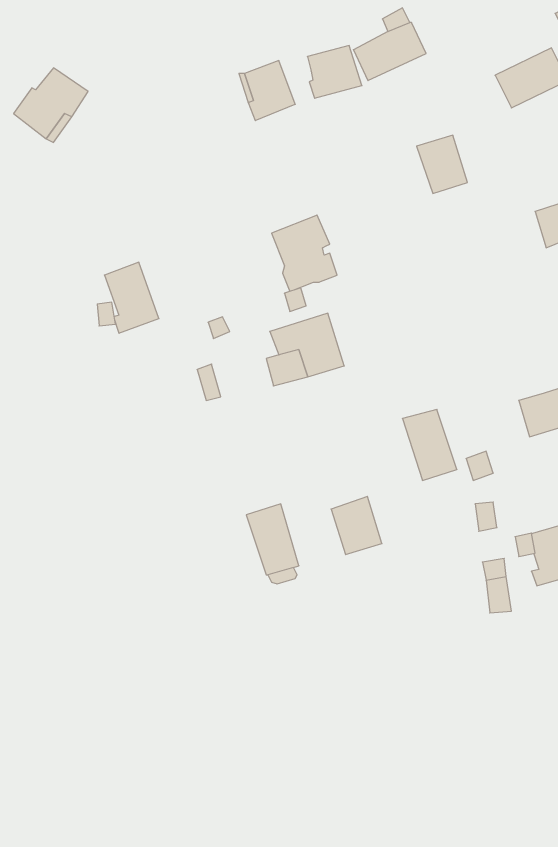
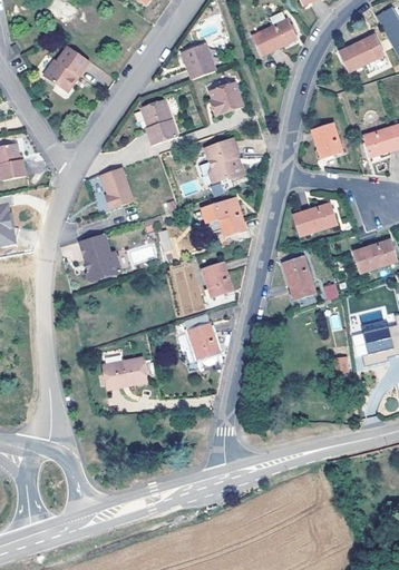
building: [307,46,362,98] -> [208,83,242,116]
building: [417,135,467,193] -> [311,122,342,158]
building: none -> [140,99,176,145]
building: none -> [293,202,337,236]
building: none -> [74,233,116,281]
building: [331,496,382,555] -> [202,261,233,296]
building: none -> [103,357,146,390]

